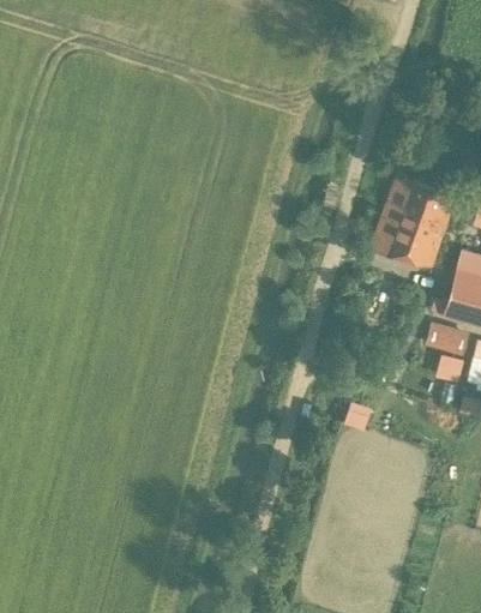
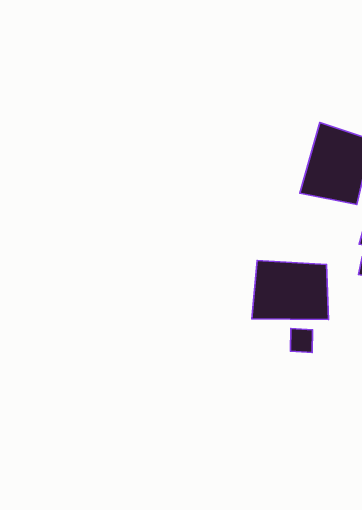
building: none -> [252,261,328,320]

